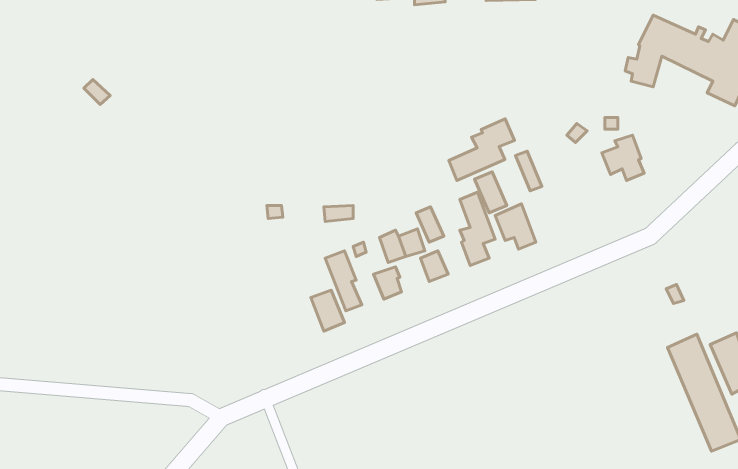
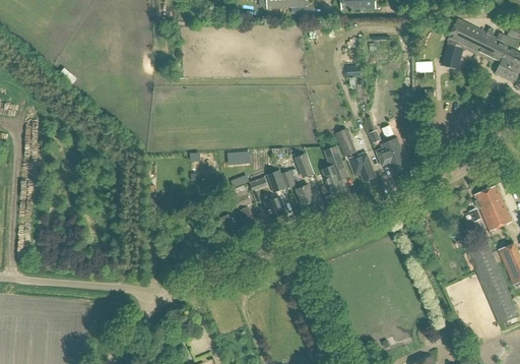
building: [449,119,514,181] -> none
building: [602,135,644,180] -> [376,138,405,170]
building: none -> [473,185,512,231]

